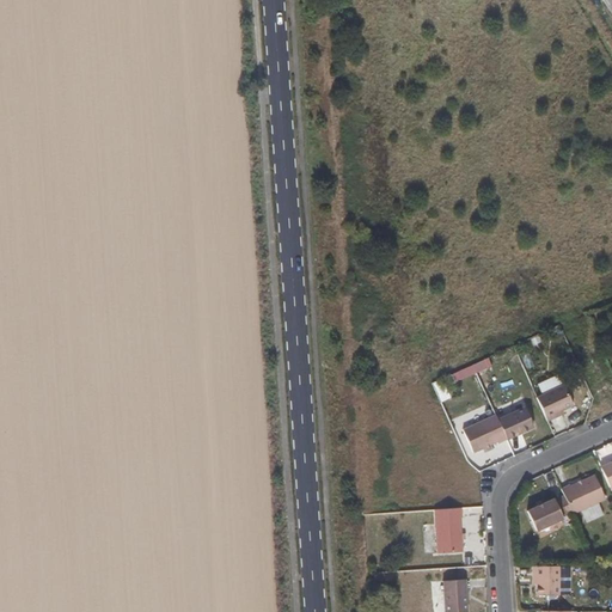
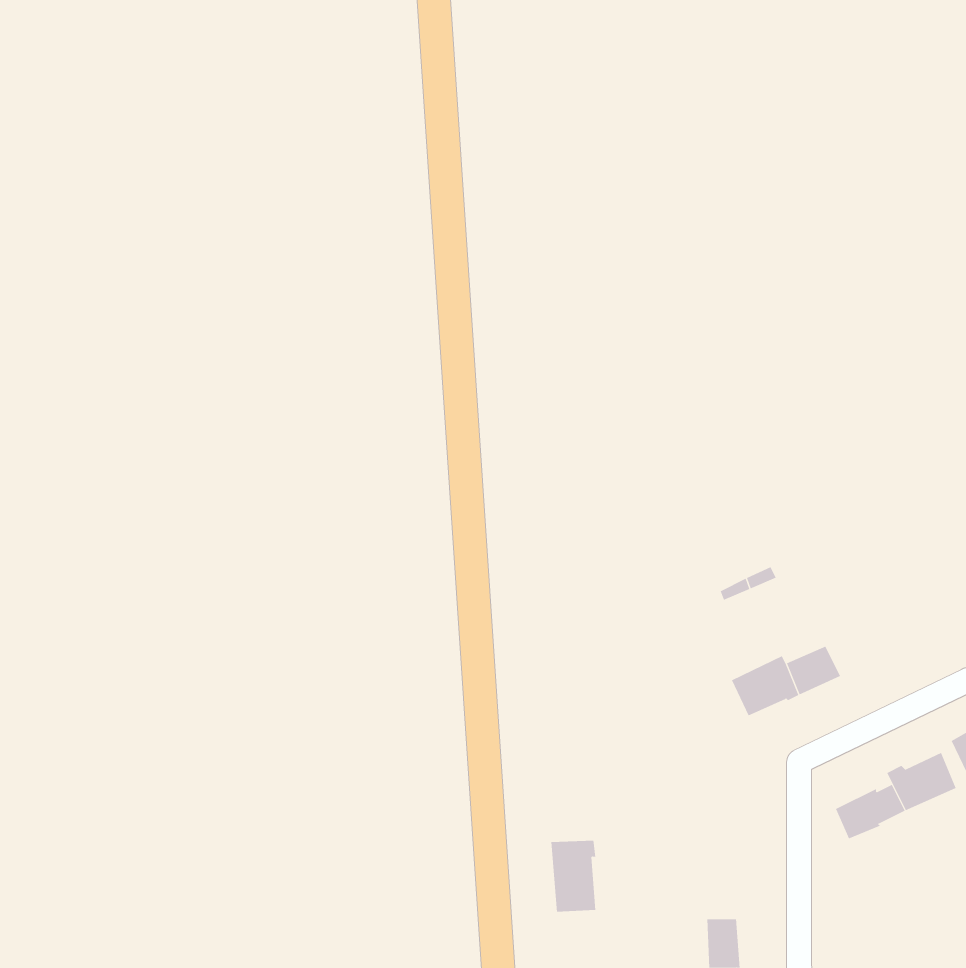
building: [537,385,573,421] -> none
building: [434,507,463,552] -> [551,840,596,912]
building: [533,565,559,595] -> none

